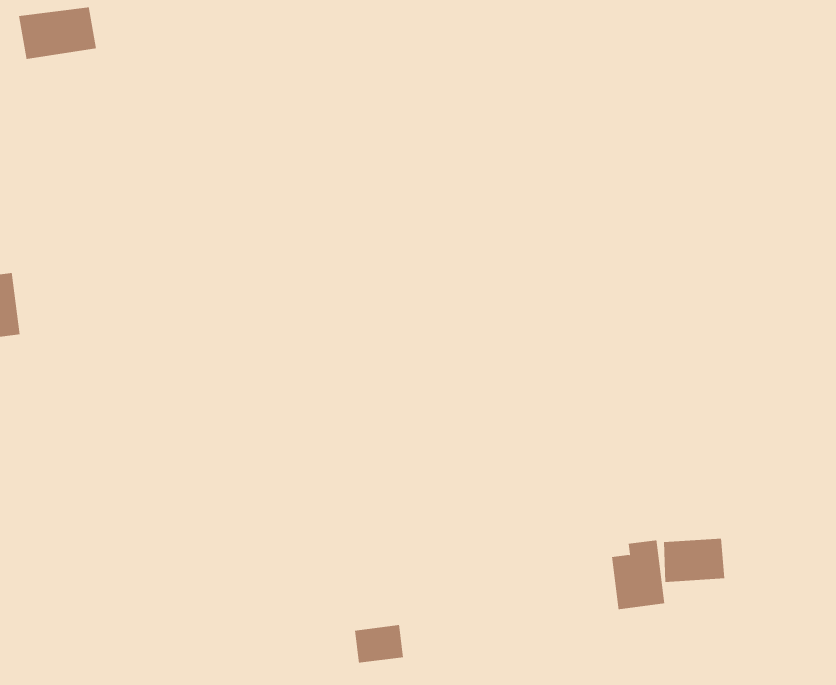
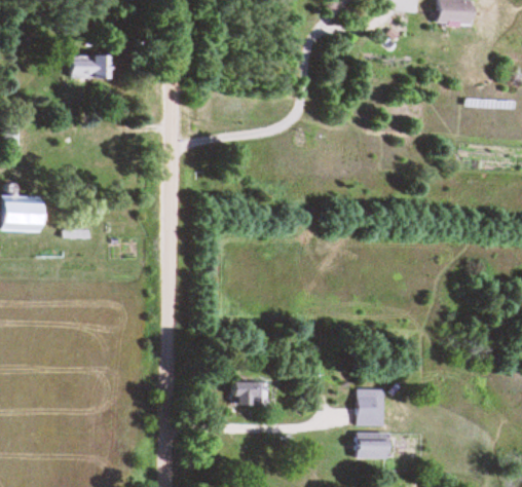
building: [663,538,725,583] -> [356,434,390,458]
building: [354,625,404,663] -> [234,385,260,404]

